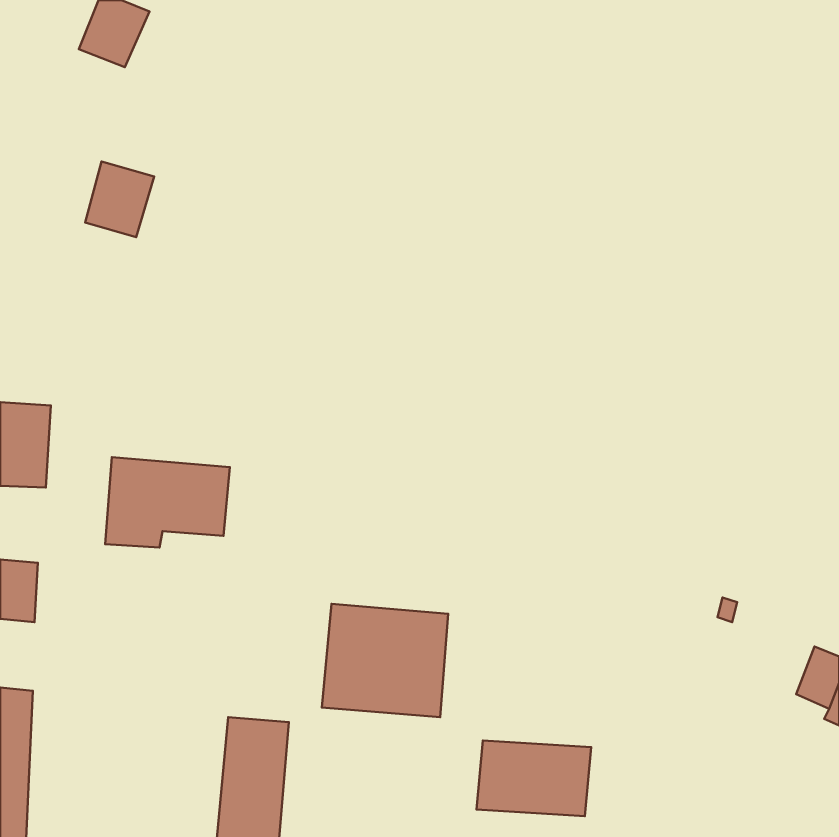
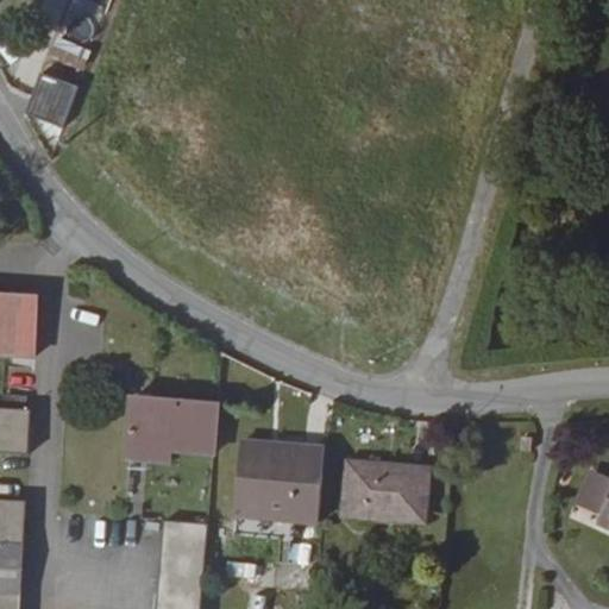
building: [85,162,154,237] -> [26,74,76,128]
building: [105,457,230,547] -> [126,397,216,463]
building: [476,741,591,816] -> [346,464,429,519]

